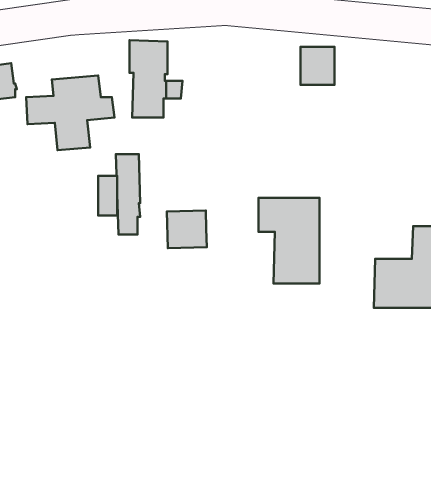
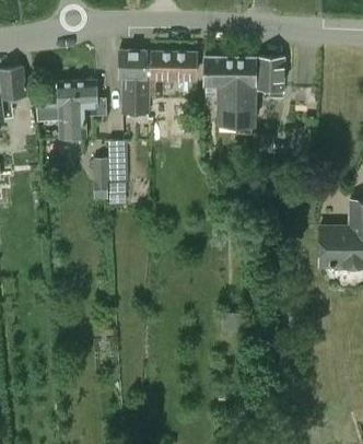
building: none -> [149,51,195,79]
building: [258,198,320,283] -> [203,56,253,125]
building: [167,210,207,248] -> none

